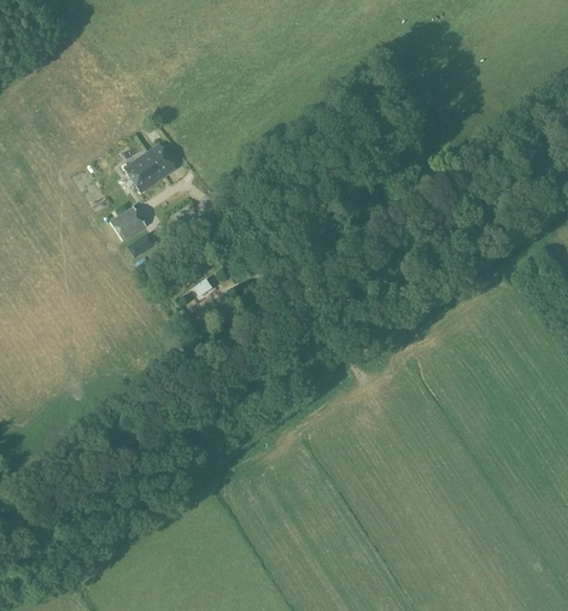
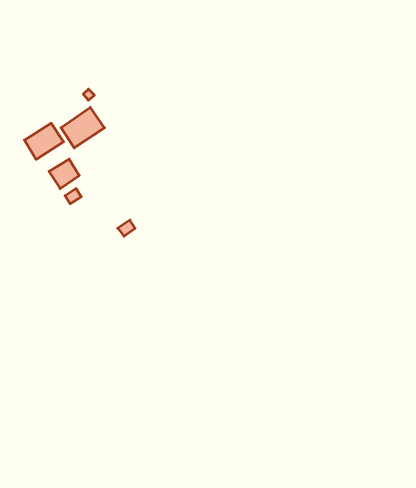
building: none -> [24,123,64,159]

